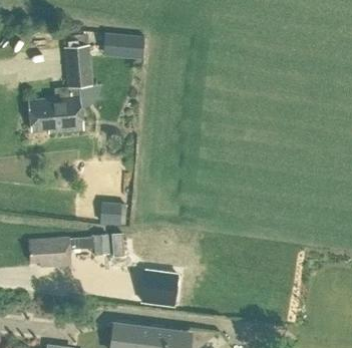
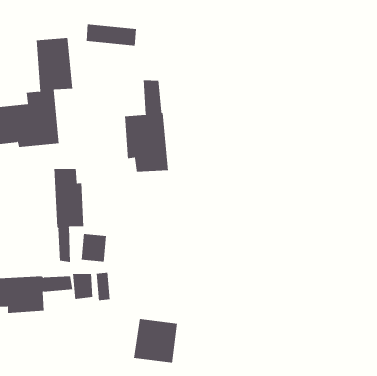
building: none -> [124,80,168,172]
building: none -> [54,168,84,263]

